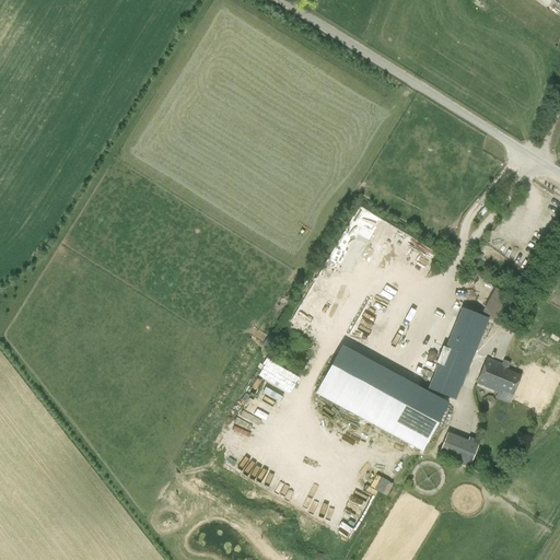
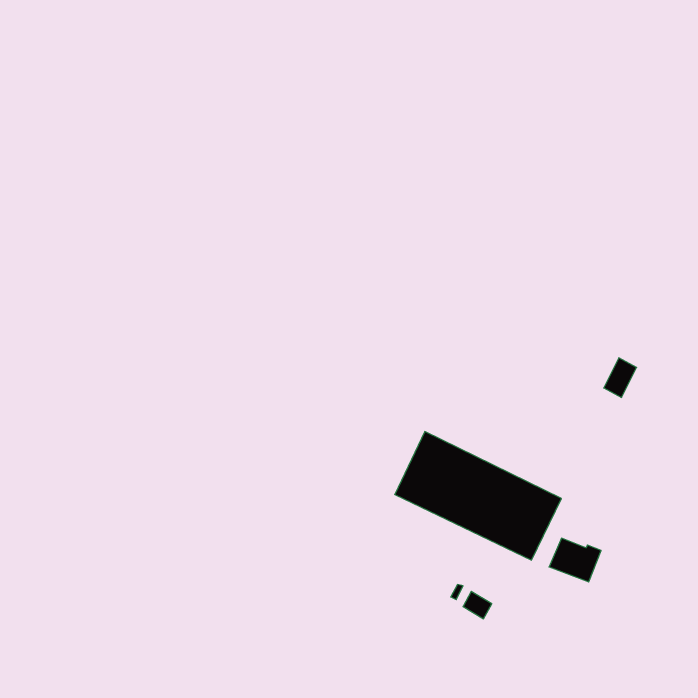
building: [430,308,488,399] -> none
building: [476,359,521,396] -> none

